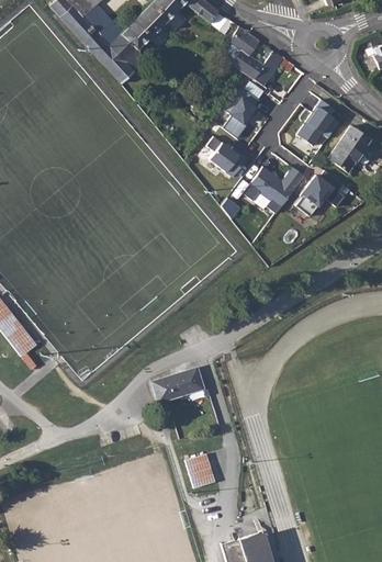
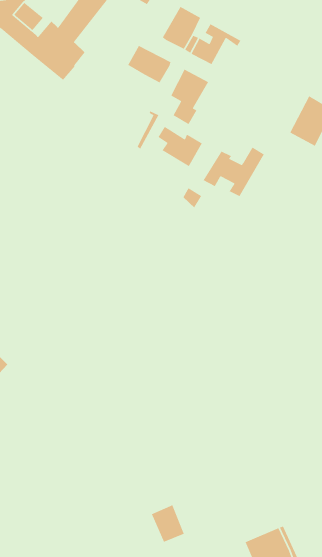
building: none -> [127,45,172,83]
building: [296,99,340,145] -> none
building: [295,170,344,216] -> none
building: [153,368,204,402] -> none
building: [188,452,217,487] -> [151,504,185,543]

